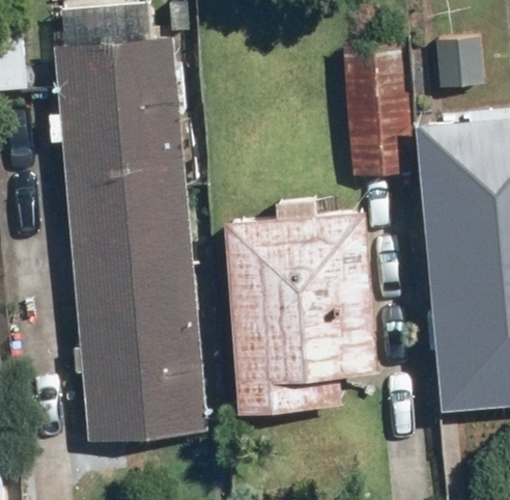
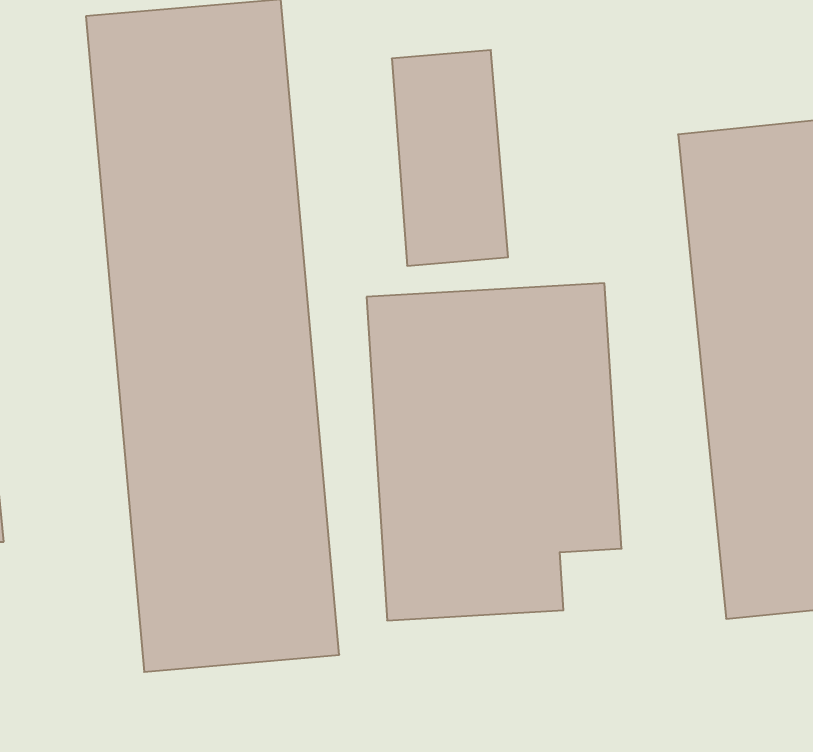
building: [341,44,412,174] -> [392,50,508,266]

